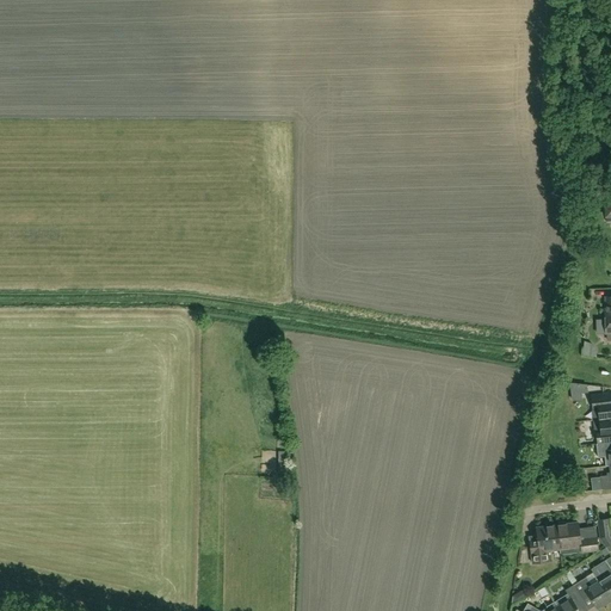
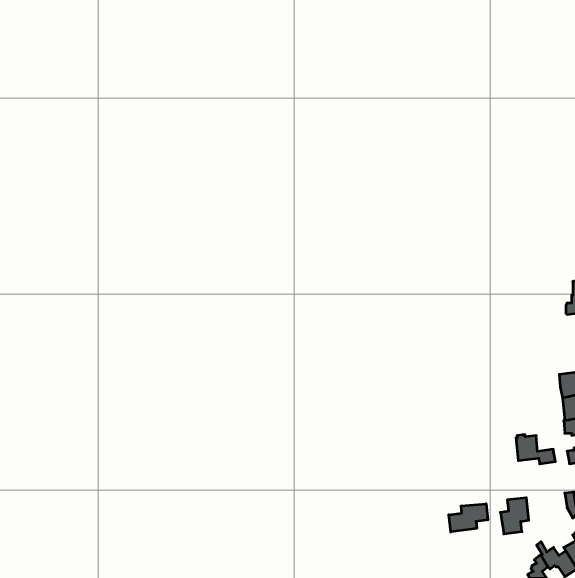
building: [558,521,600,553] -> [516,435,555,464]
building: none -> [449,504,488,532]

